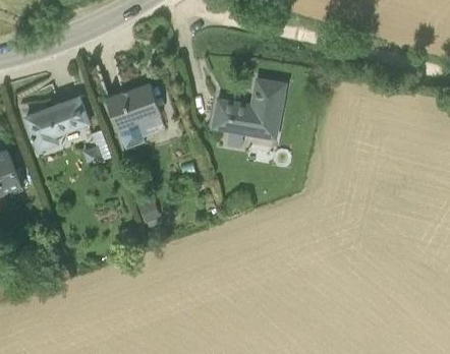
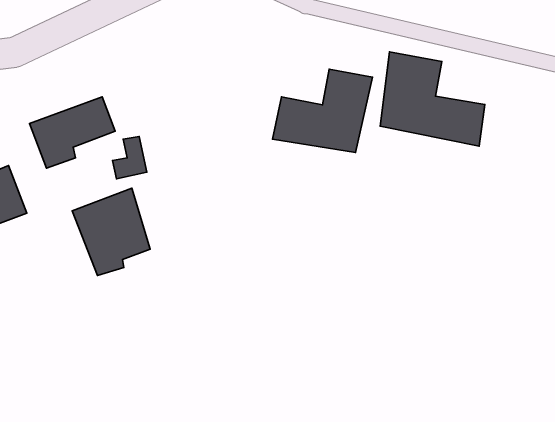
building: none -> [380,52,485,146]
building: [105,81,165,149] -> [72,188,150,275]

